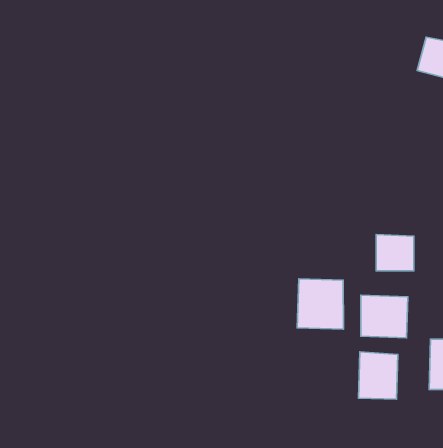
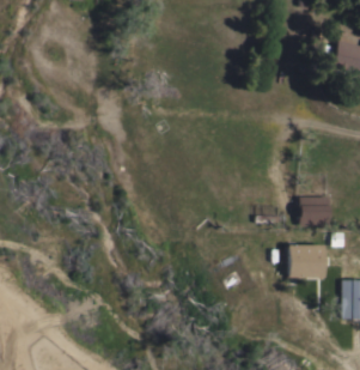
building: [297,279,343,329] -> none
building: [358,352,398,399] -> none

